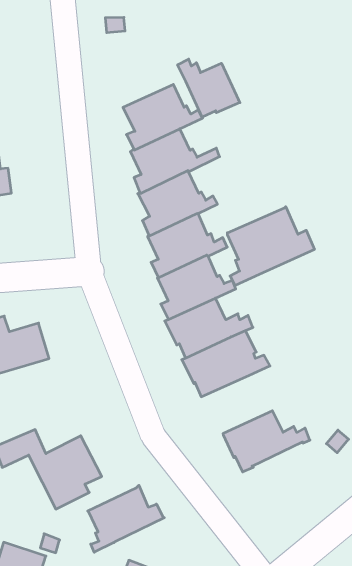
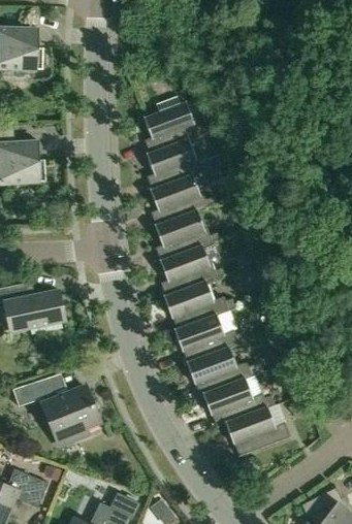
building: [178,59,240,117] -> none
building: [227,207,314,285] -> none
building: none -> [186,348,258,396]
building: none -> [224,406,289,456]
building: [88,485,164,552] -> none

